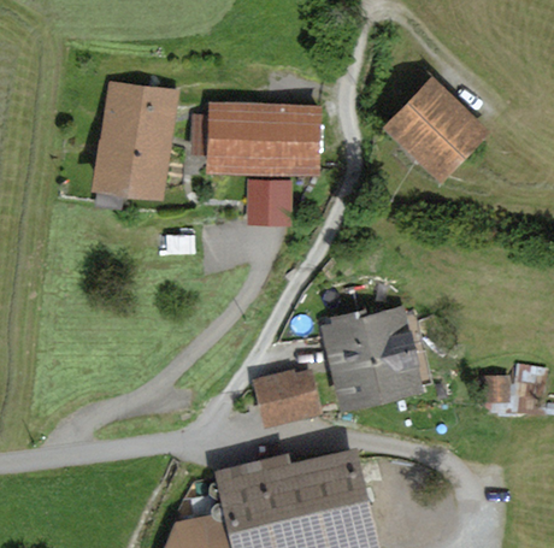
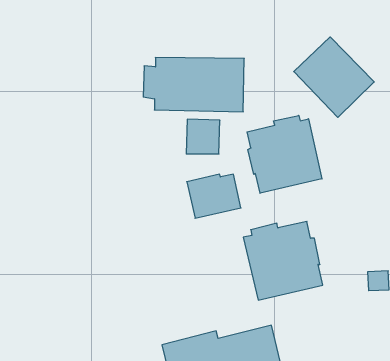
building: [92,83,178,196] -> none
building: none -> [247,115,322,193]
building: [252,370,322,426] -> [187,174,241,218]

